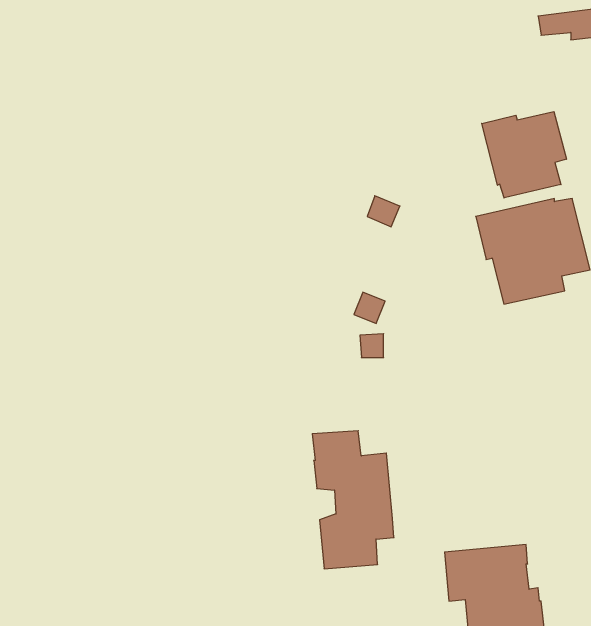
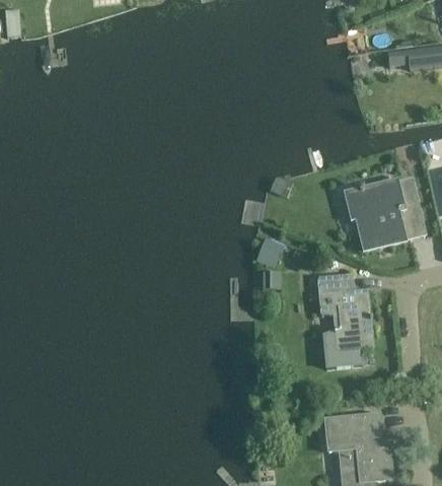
building: [482,112,566,198] -> none
building: [312,431,394,569] -> [317,273,373,367]

